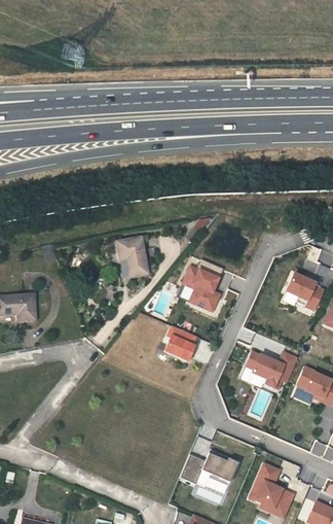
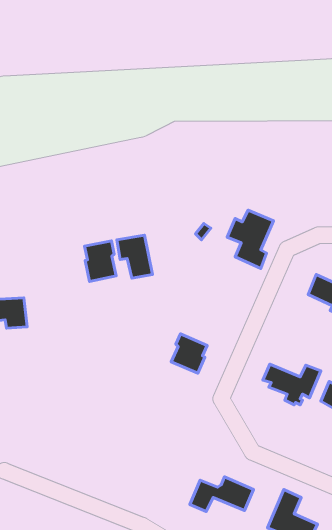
building: none -> [85,241,116,281]
building: [183,259,224,311] -> [227,210,274,268]

